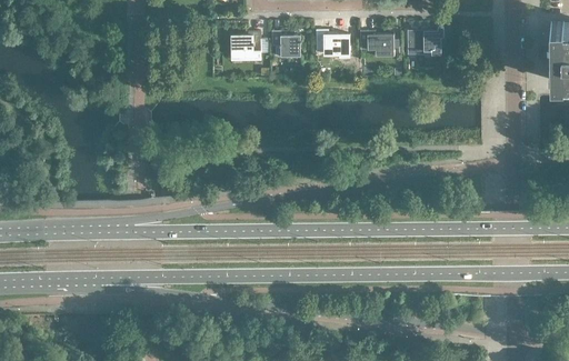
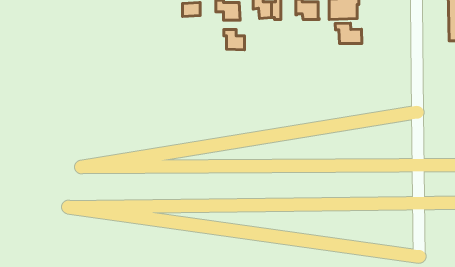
building: none -> [335,23,362,43]
building: none -> [224,30,245,50]

